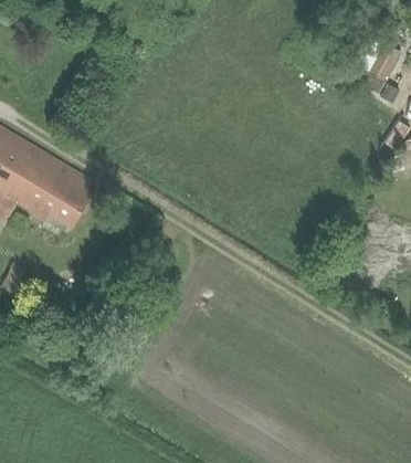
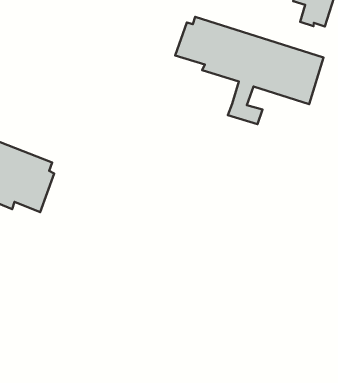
building: none -> [175,17,323,124]

